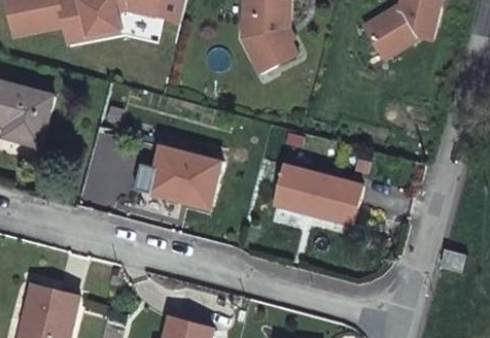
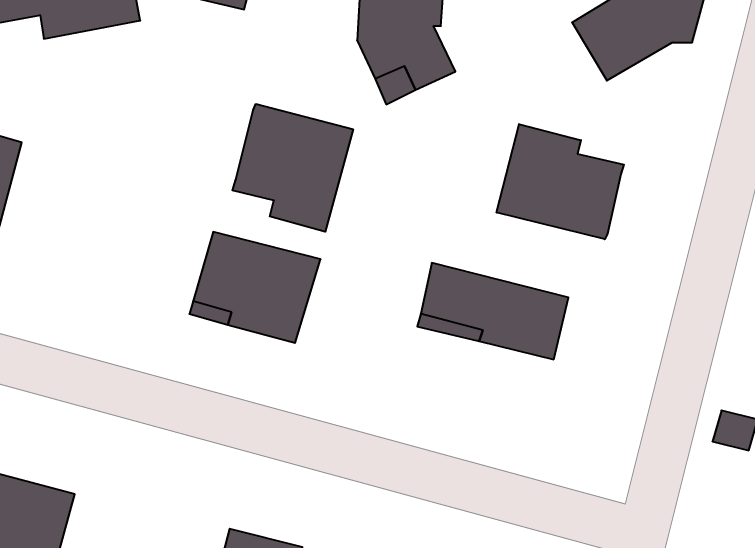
building: none -> [232,104,353,232]
building: none -> [497,124,624,239]

